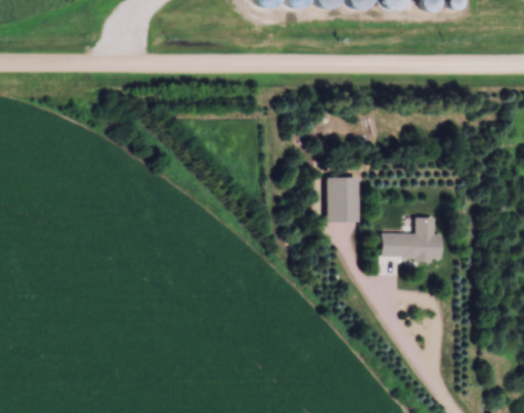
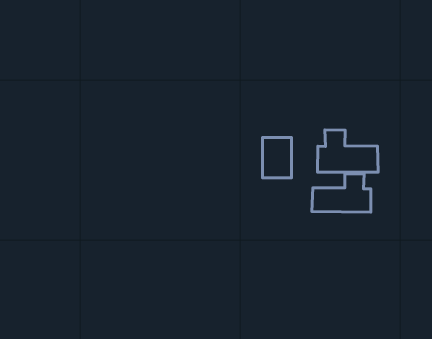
building: none -> [318,130,378,172]

